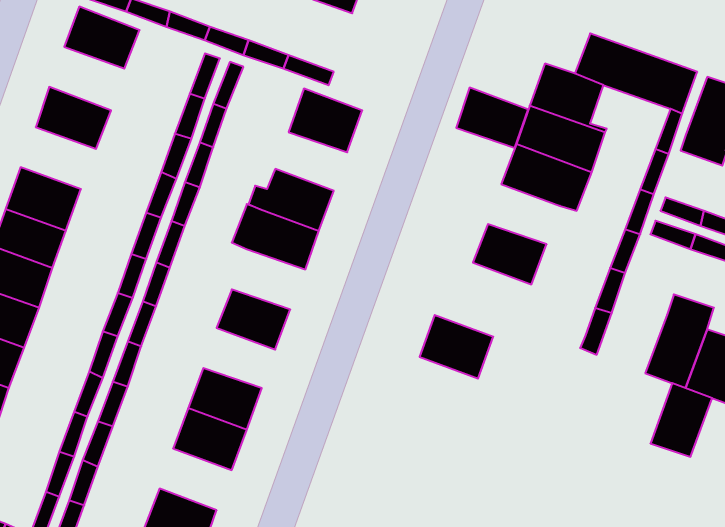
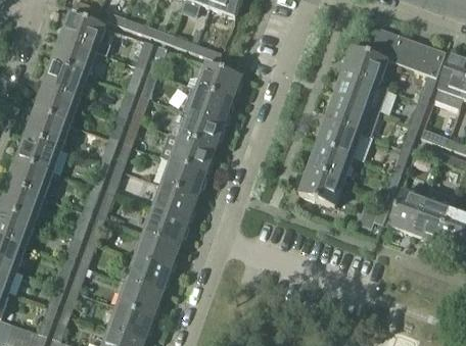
building: none -> [49,36,95,75]
building: [456,88,528,148] -> [317,119,361,156]
building: none -> [32,85,78,122]
building: none -> [187,88,231,123]
building: none -> [160,159,205,196]
building: [420,315,493,379] -> [298,167,343,206]
building: none -> [143,207,187,244]
building: [650,383,712,457] -> [388,190,426,235]
building: none -> [116,281,160,318]

